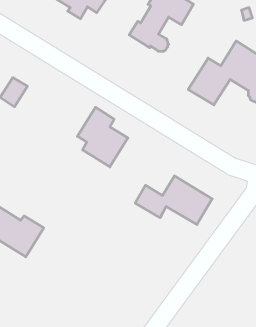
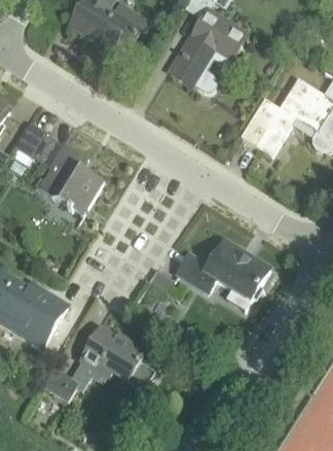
building: [77,107,128,167] -> [42,143,103,215]
building: none -> [80,328,154,391]
building: none -> [40,367,77,402]

